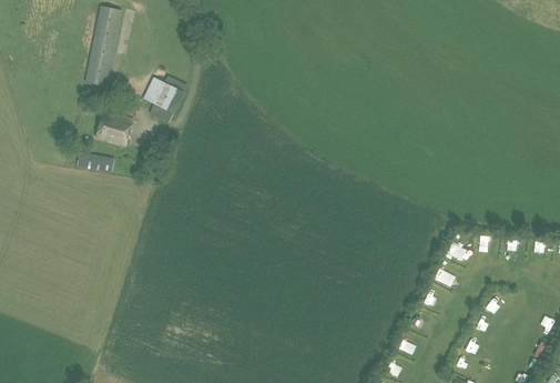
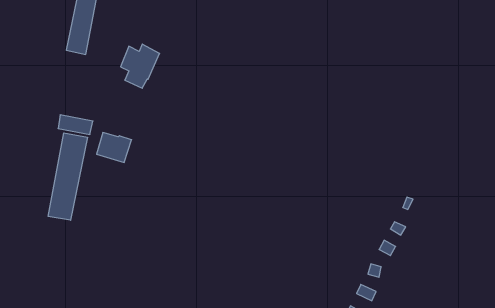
building: [95,112,133,144] -> [97,133,132,162]
building: none -> [48,133,87,220]

